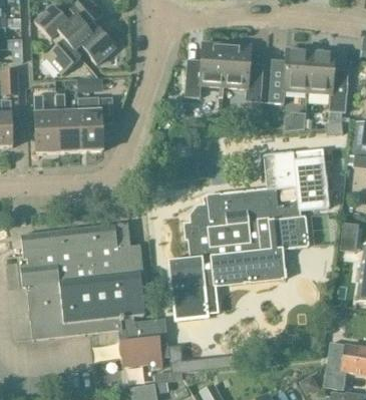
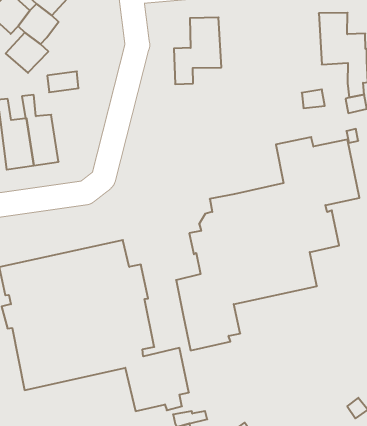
building: [81,27,116,63] -> none
building: [225,43,263,100] -> none
building: [269,47,311,102] -> none
building: [78,96,113,150] -> none

